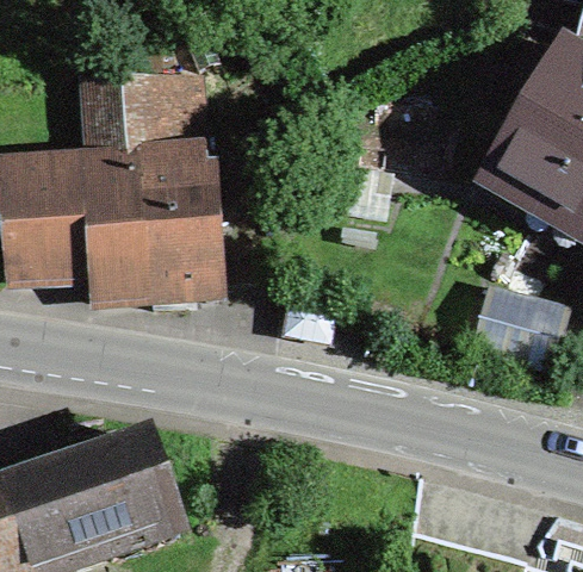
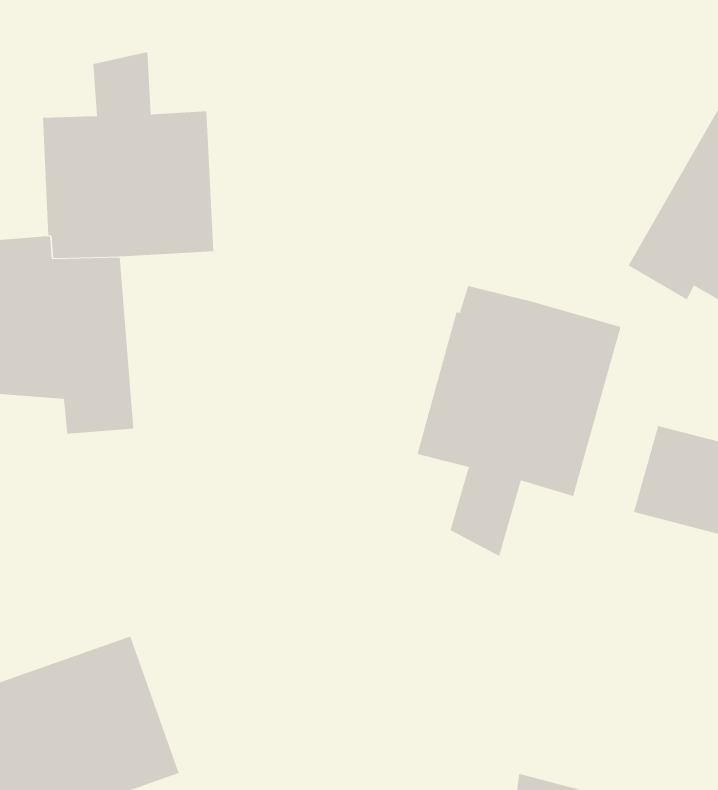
building: [137,173,223,297] -> none
building: none -> [417,285,621,557]

